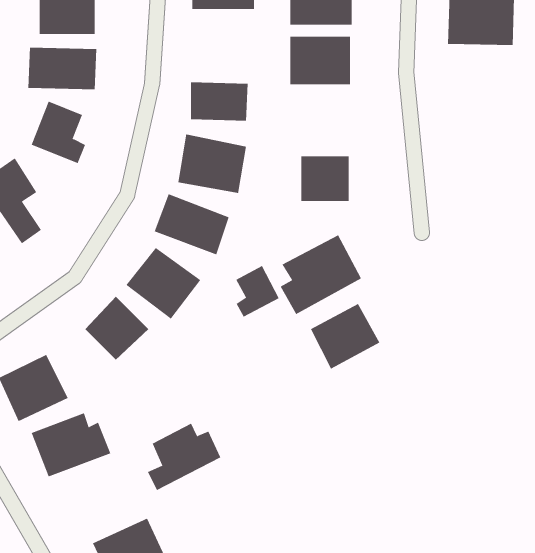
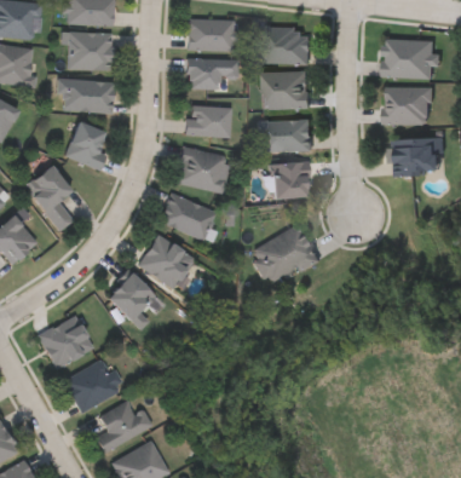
building: none -> [188,59,240,90]
building: none -> [386,87,432,123]
building: none -> [263,119,313,151]
building: none -> [392,138,443,175]
building: [236,265,280,318] -> none
building: [310,303,380,369] -> none
building: [147,423,221,491] -> [96,401,152,453]

